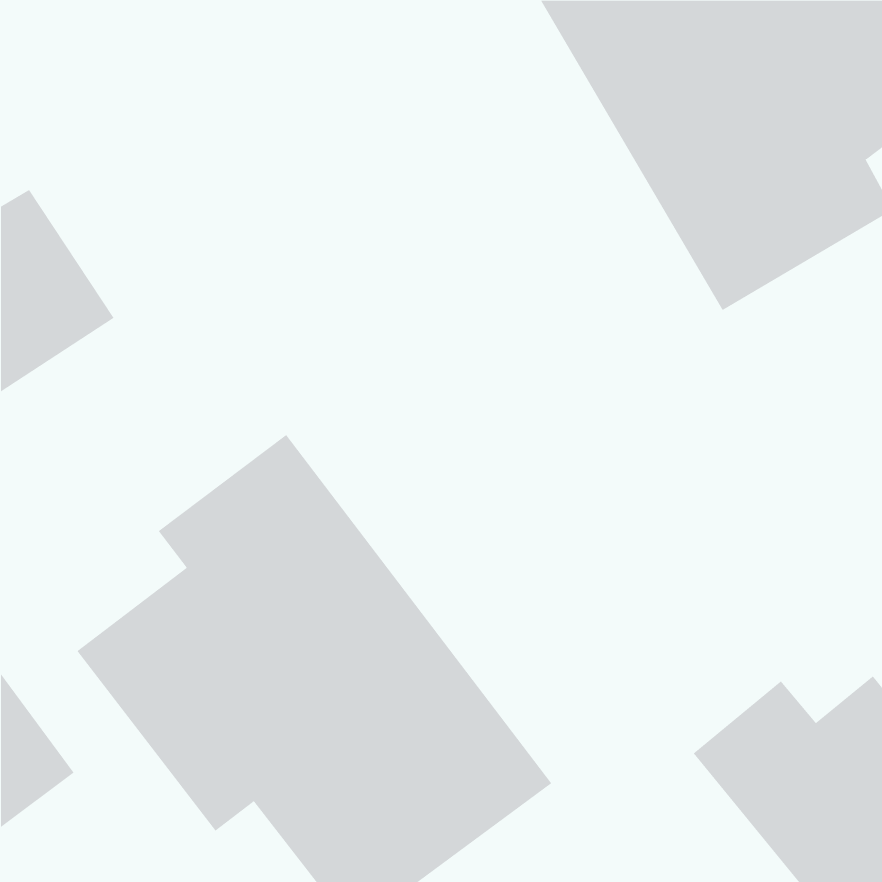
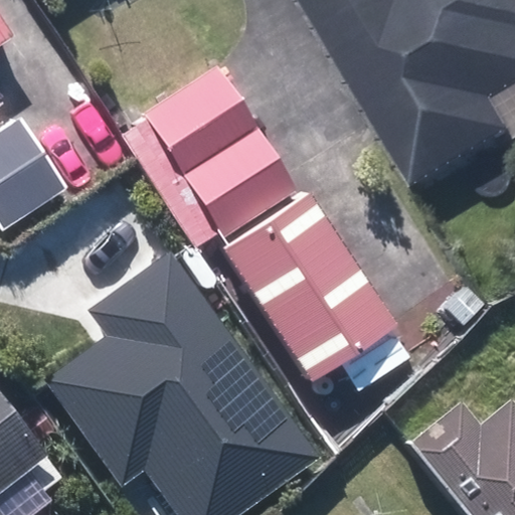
building: none -> [138,50,294,233]
building: none -> [220,221,360,383]

